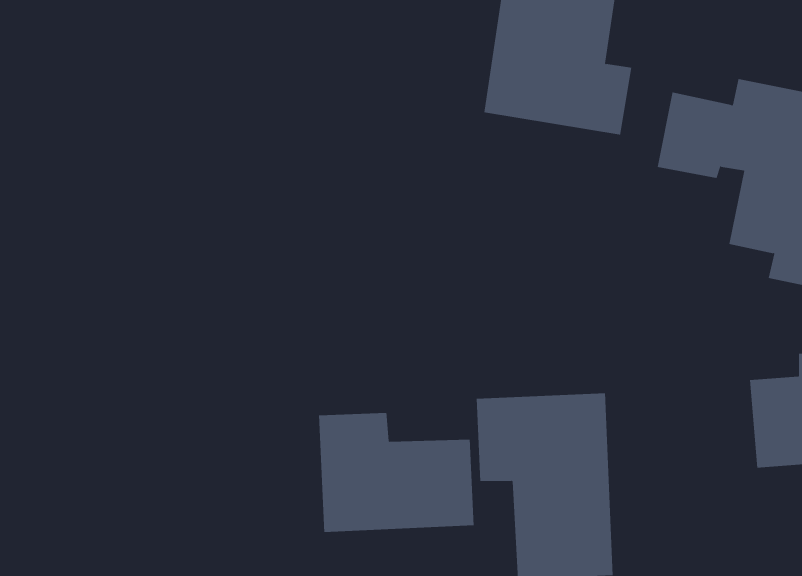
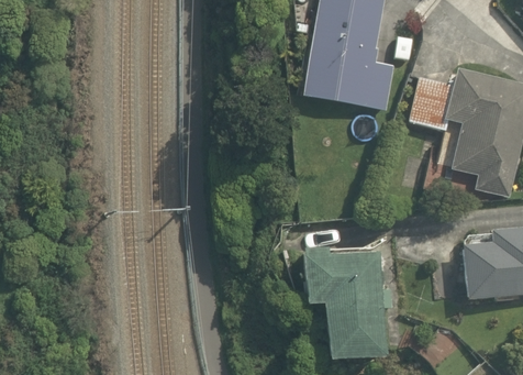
building: [319,412,474,533] -> none

